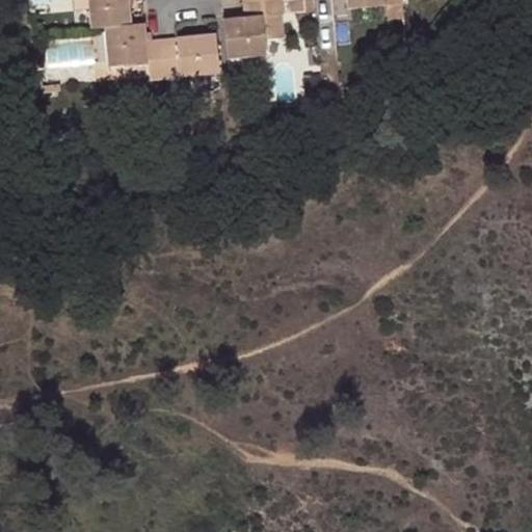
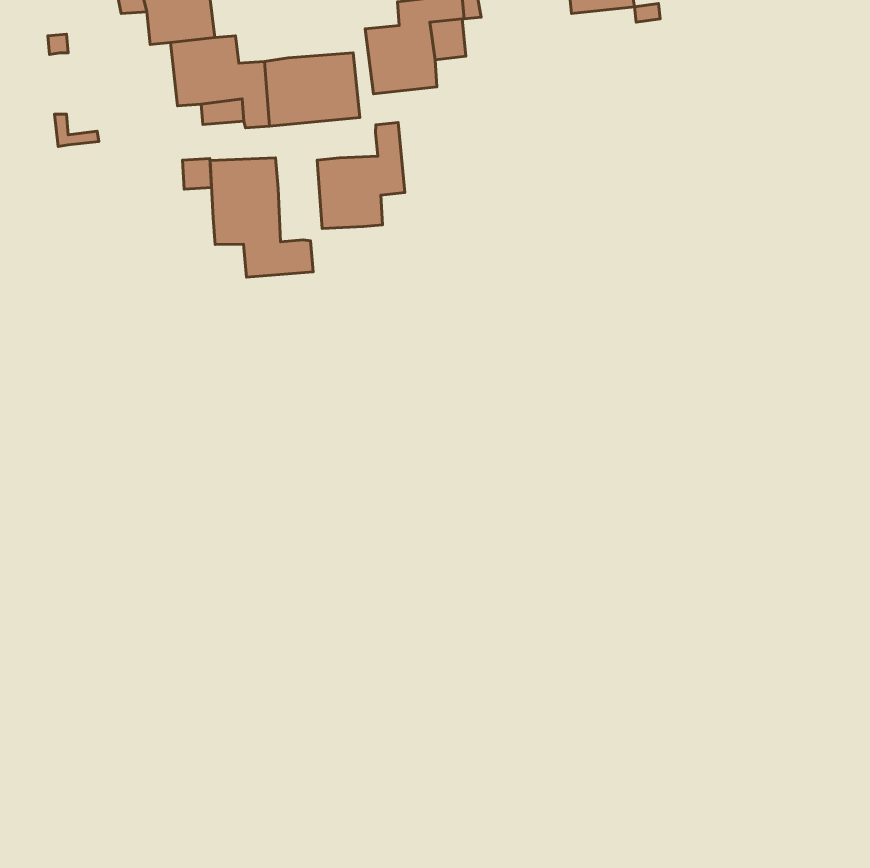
building: none -> [317,122,405,229]
building: none -> [210,158,313,277]

